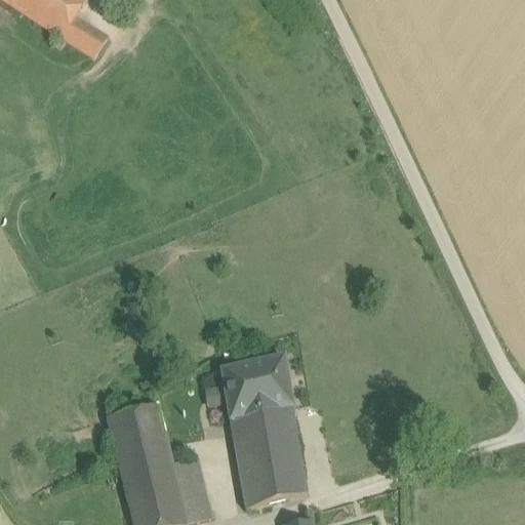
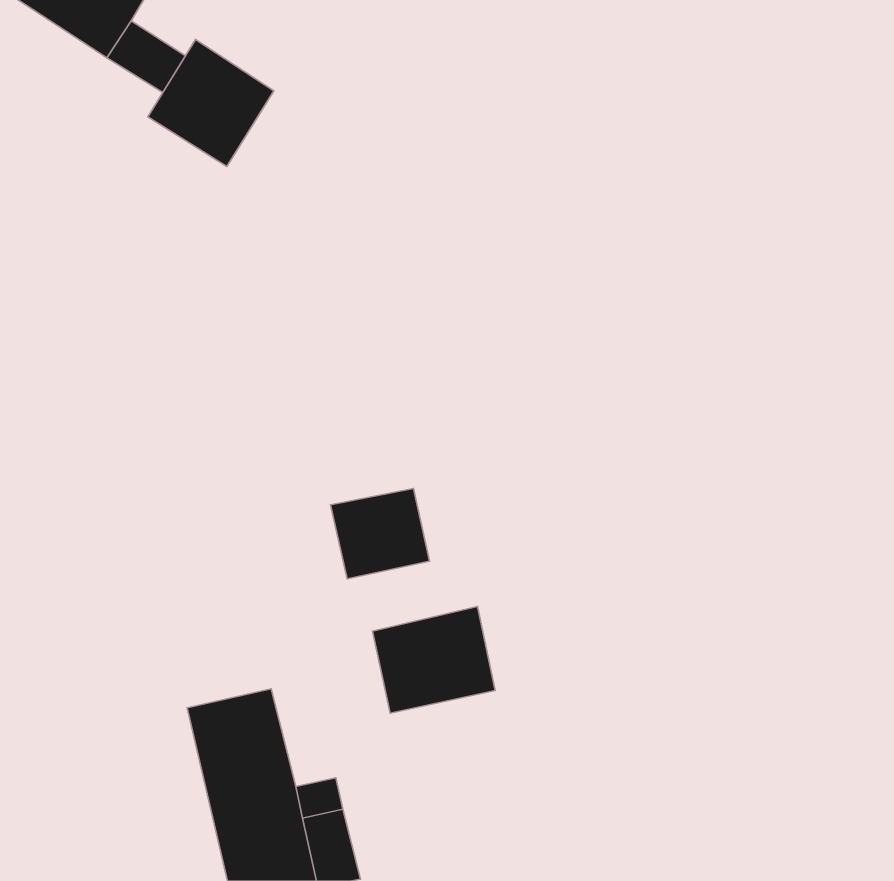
building: none -> [148,40,274,166]
building: none -> [331,488,430,579]
building: [229,405,306,506] -> none

